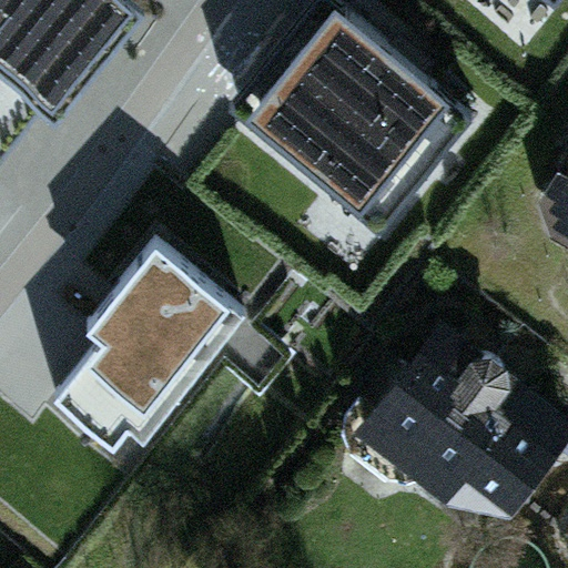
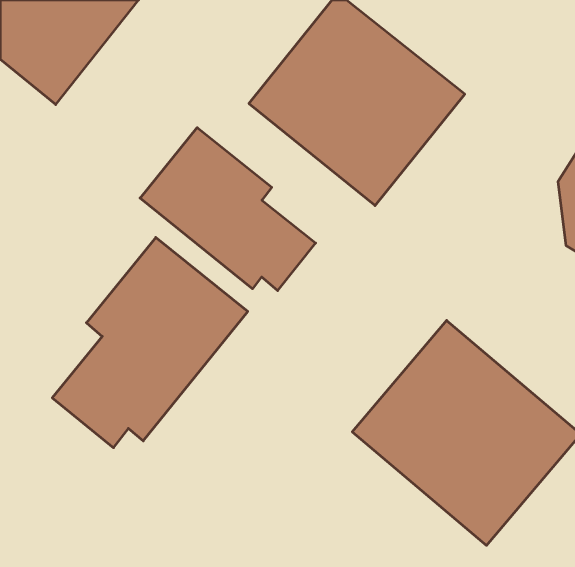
building: none -> [140,128,316,291]

